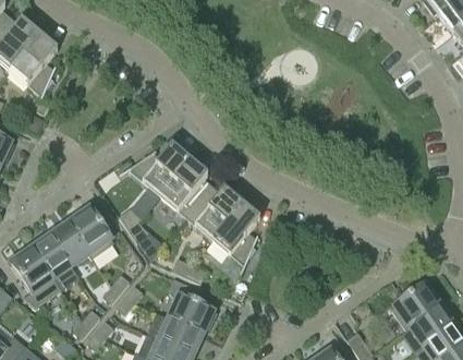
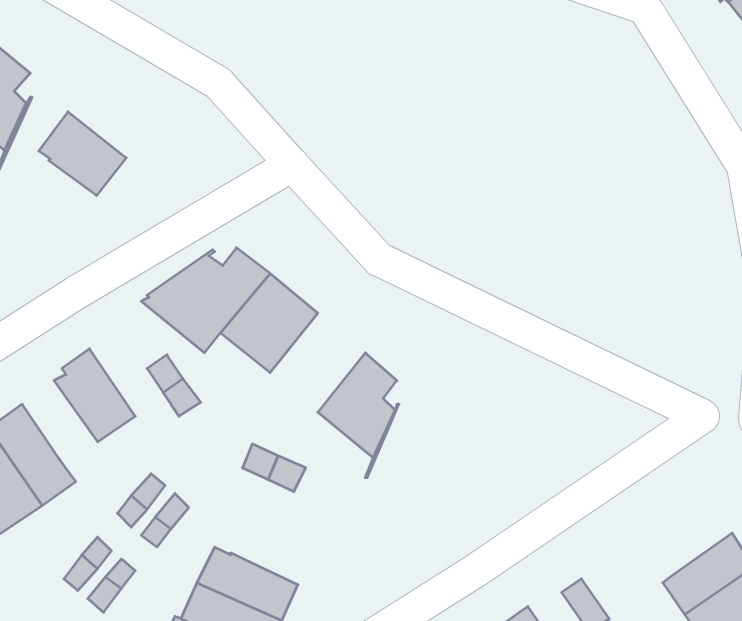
building: none -> [39,112,126,196]
building: [186,185,239,240] -> none
building: [50,223,92,266] -> none
building: [165,279,216,335] -> none
building: [391,283,440,331] -> none

